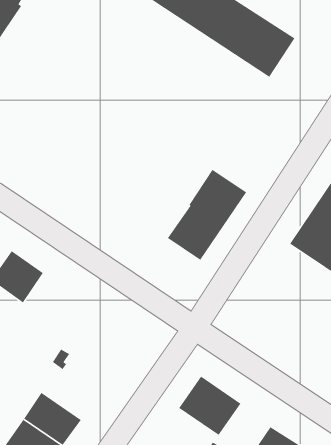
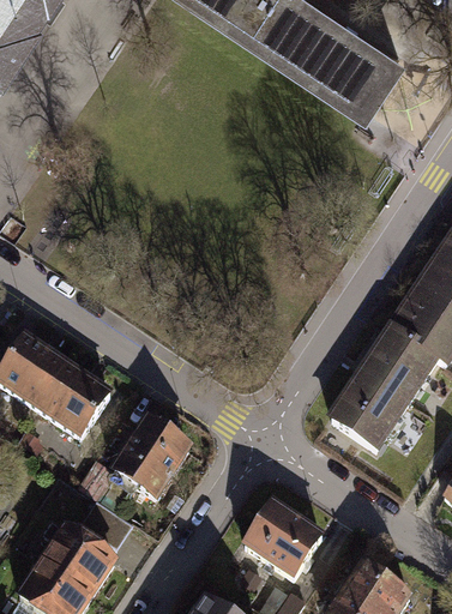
building: [167,169,247,261] -> [331,326,438,449]
building: none -> [37,365,108,435]
building: none -> [110,415,189,496]
building: none -> [76,498,127,544]

